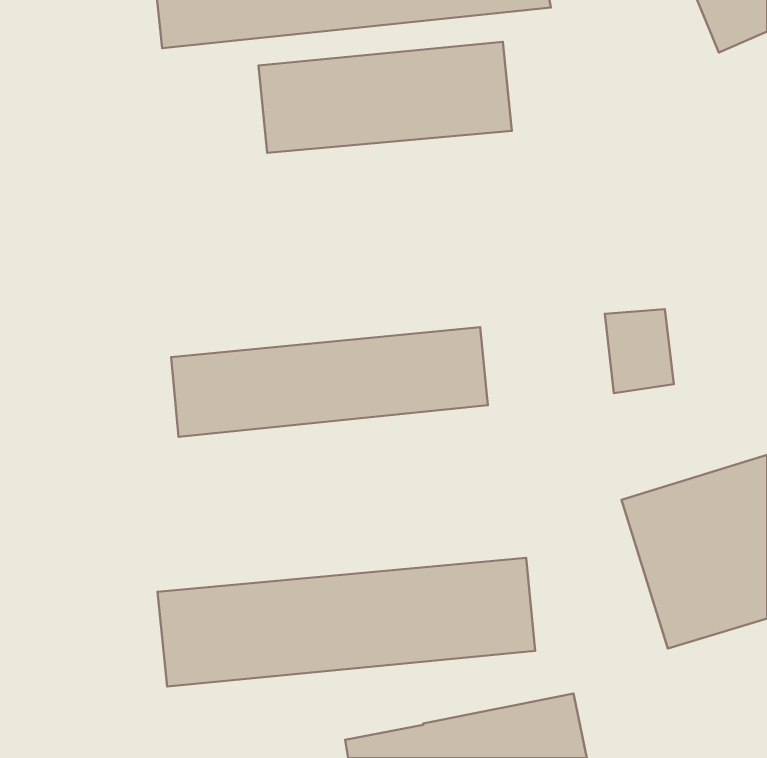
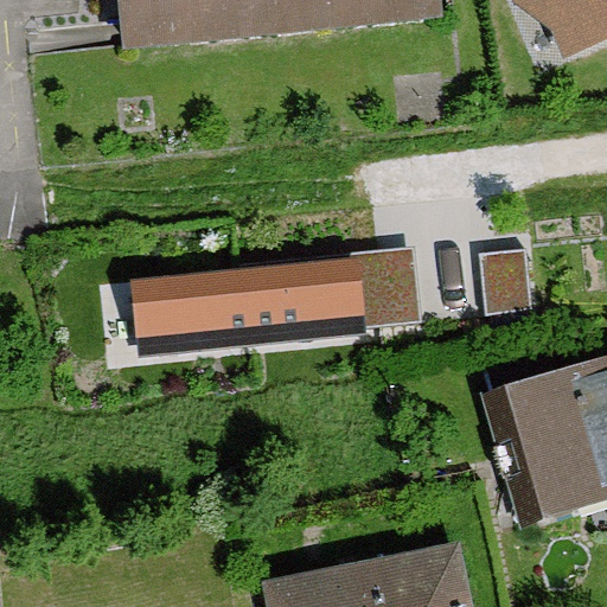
building: [259,42,512,153] -> none
building: [158,558,535,687] -> none

